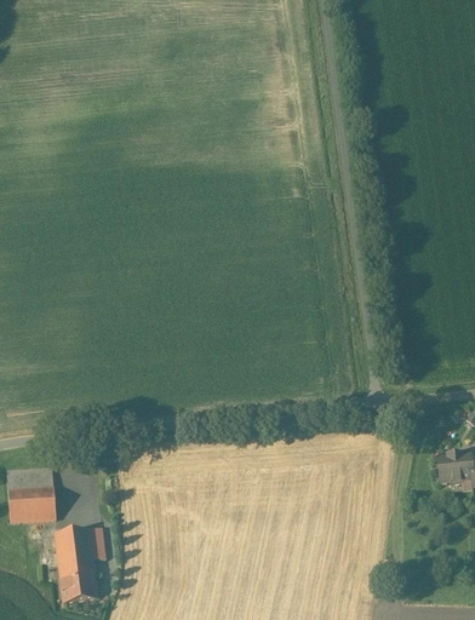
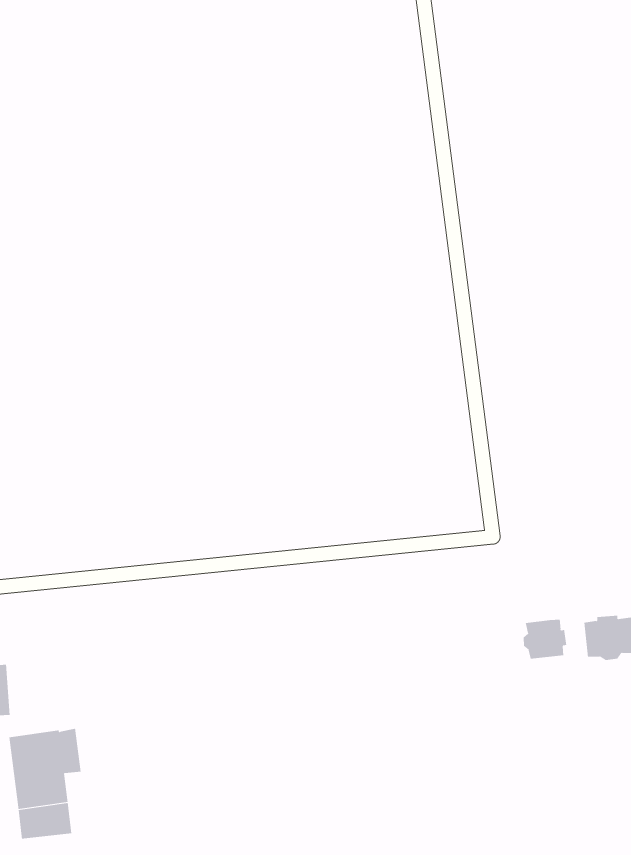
building: none -> [523,619,567,659]

